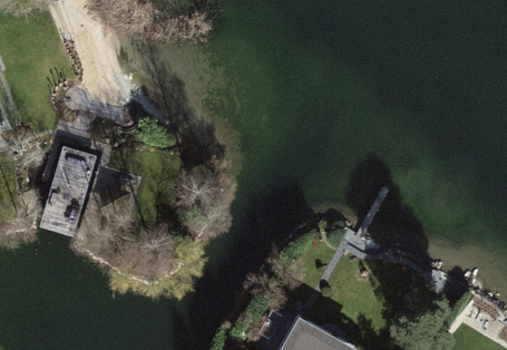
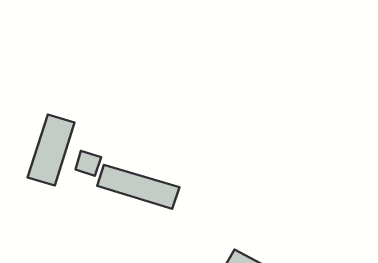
building: none -> [97,165,179,209]

